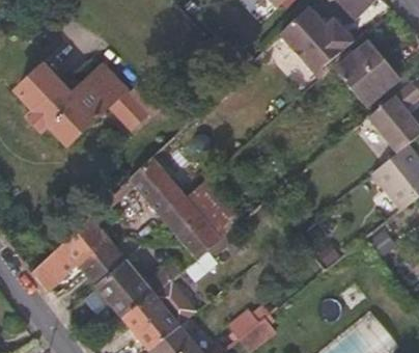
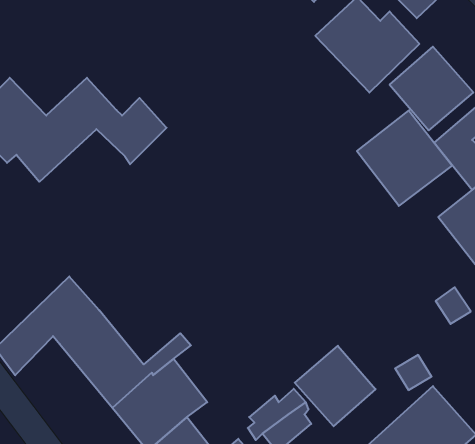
building: none -> [357,110,452,206]
building: [128,137,244,260] -> none
building: none -> [295,346,376,426]

